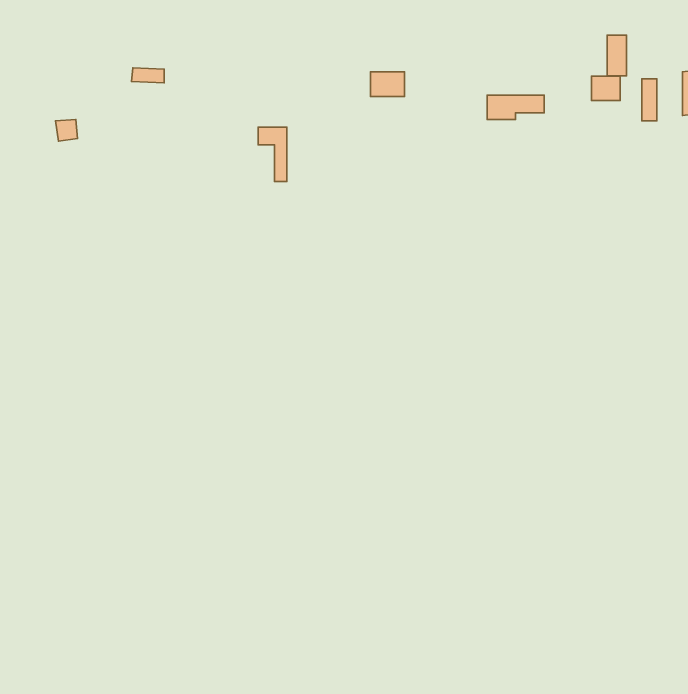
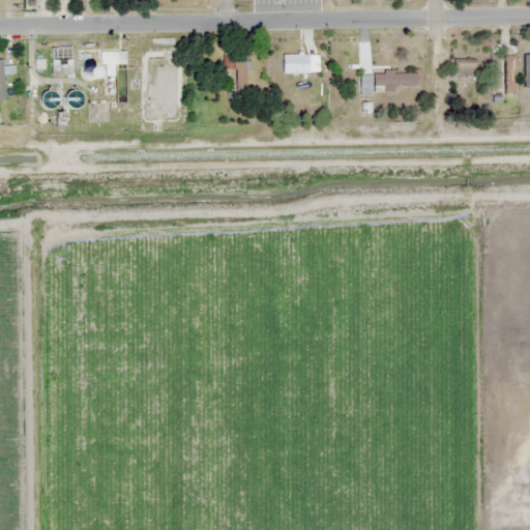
building: [607,35,626,76] -> none
building: [258,127,287,181] -> [228,55,249,96]

